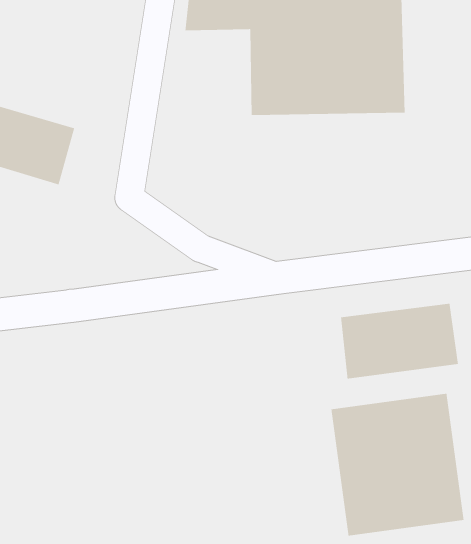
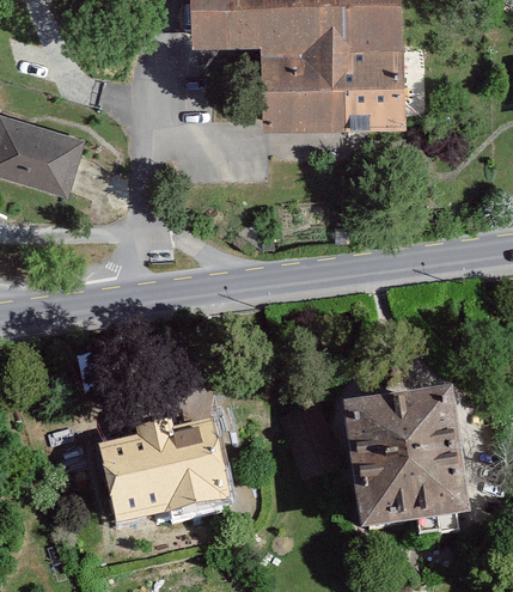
building: [340,303,459,380] -> none
building: none -> [97,422,230,526]

